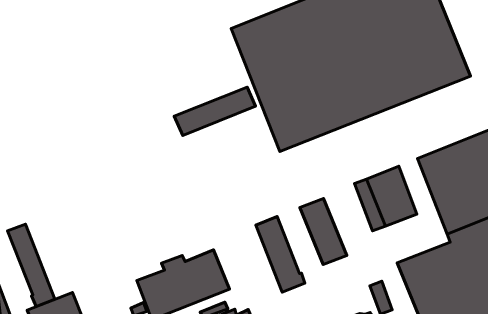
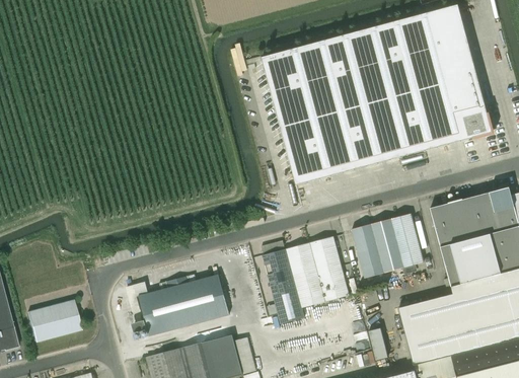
building: [174,87,256,136] -> none
building: none -> [351,226,377,279]
building: none -> [285,243,324,308]
building: [7,224,55,307] -> none

